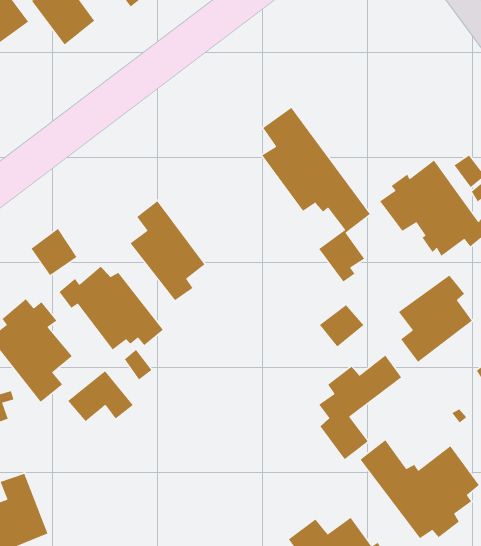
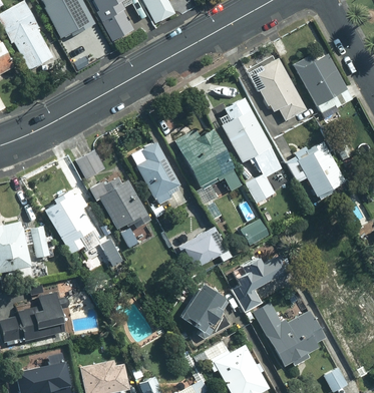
building: none -> [295,52,353,111]
building: none -> [251,57,307,119]
building: none -> [174,128,241,219]
building: [398,275,473,363] -> none
building: none -> [179,228,226,267]
building: none -> [180,283,230,337]

